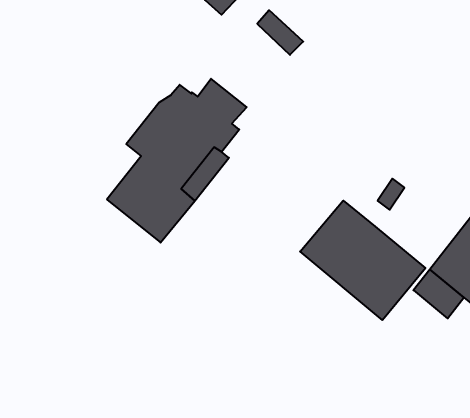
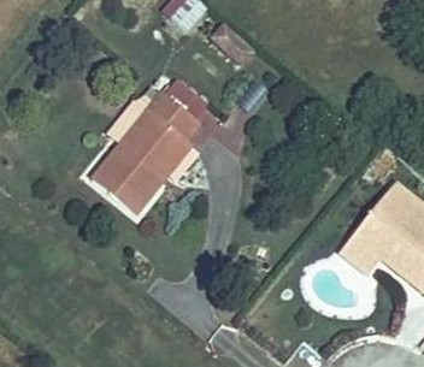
building: [300,201,425,320] -> none

